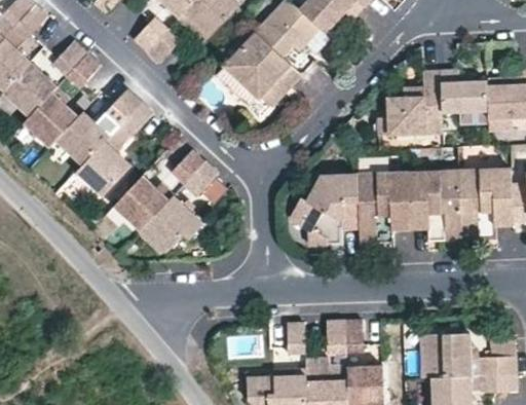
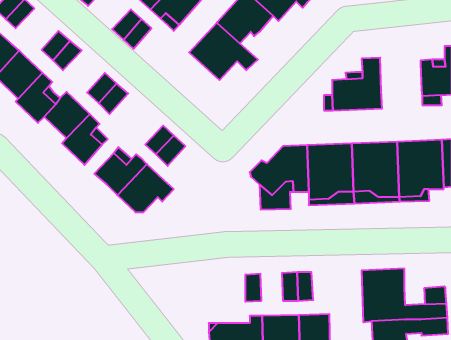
building: [214,67,289,120] -> none
building: [442,70,490,111] -> none

